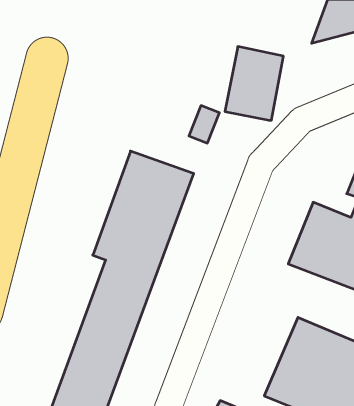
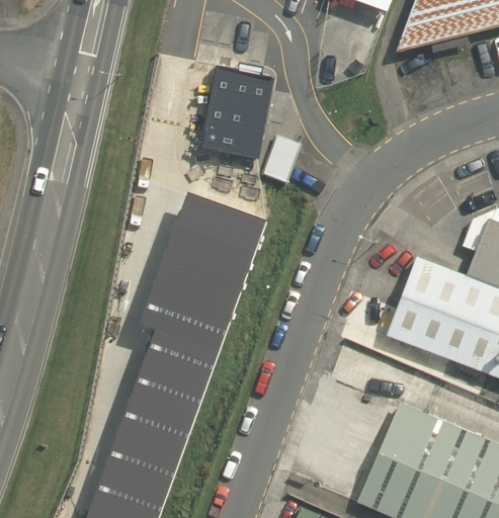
building: [225,47,283,120] -> [200,66,274,159]

